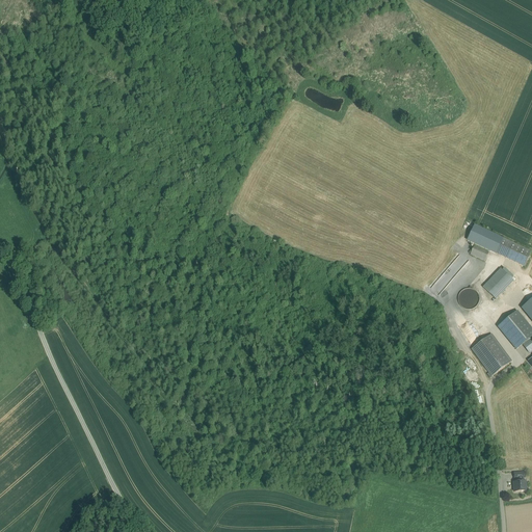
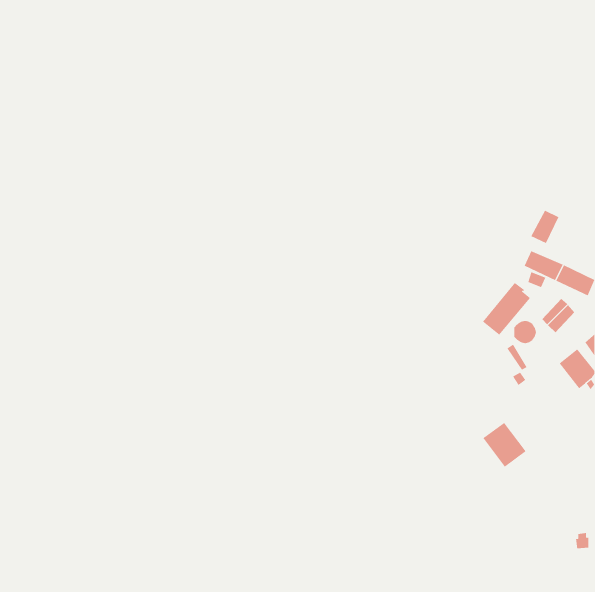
building: none -> [530,210,559,244]
building: [472,332,511,373] -> [482,422,527,467]

